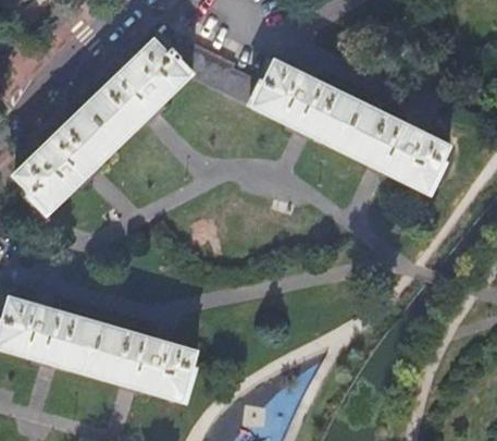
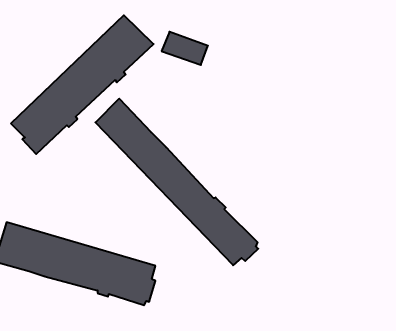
building: [256,60,447,188] -> none
building: none -> [95,99,258,265]

